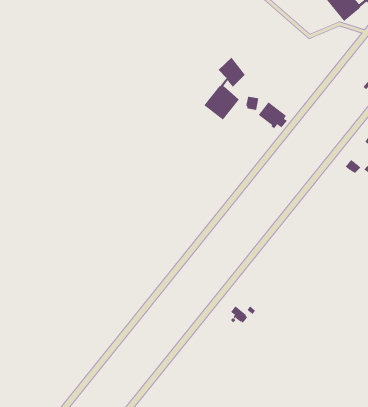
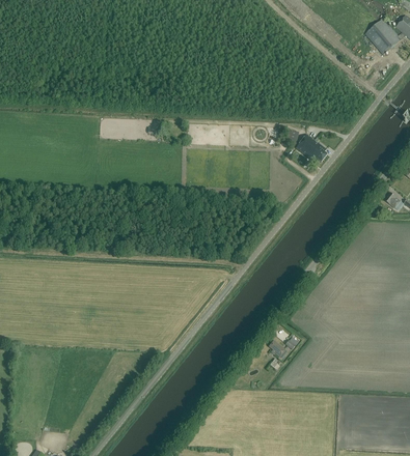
building: [204,57,245,120] -> none

